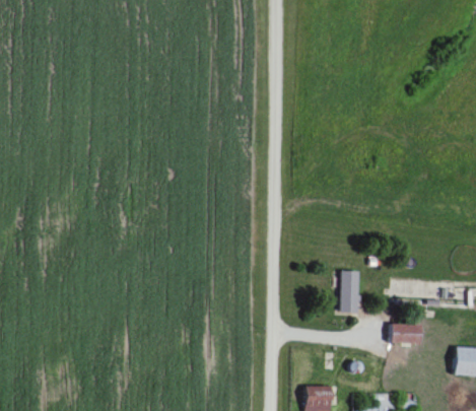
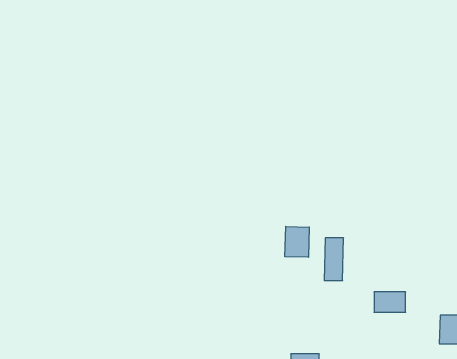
building: none -> [285,226,309,257]

